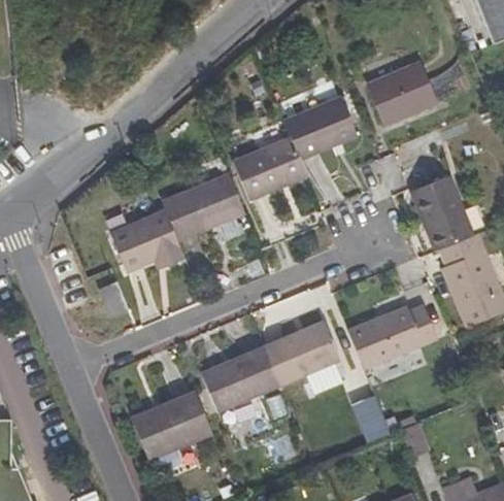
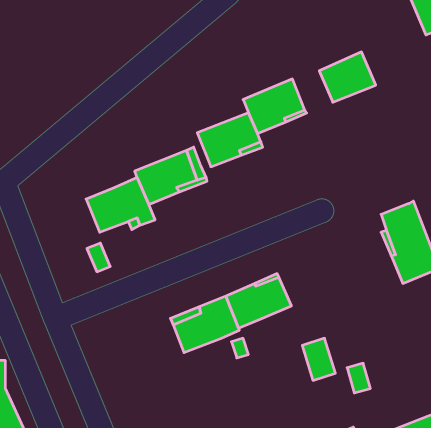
building: [411,179,475,256] -> none
building: [349,307,439,370] -> none
building: [133,391,212,457] -> none

